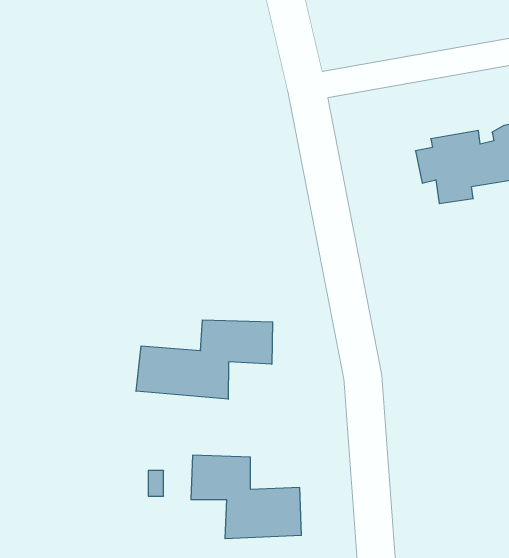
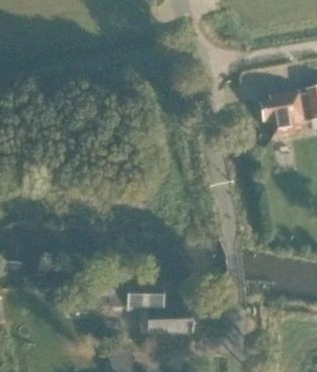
building: [136,320,273,399] -> none

